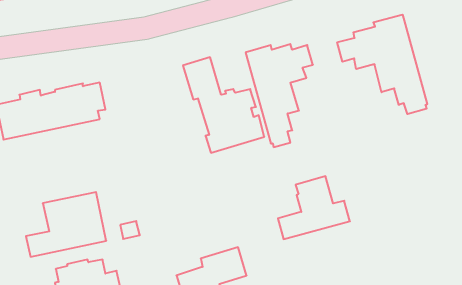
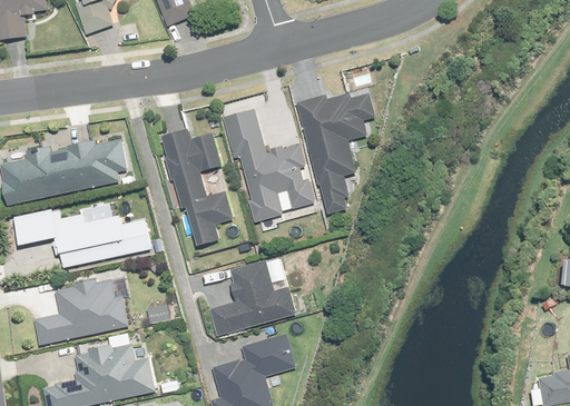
building: [337,15,427,114] -> none
building: none -> [159,128,232,245]
building: none -> [14,202,151,267]
building: [278,176,350,239] -> [208,258,294,333]

